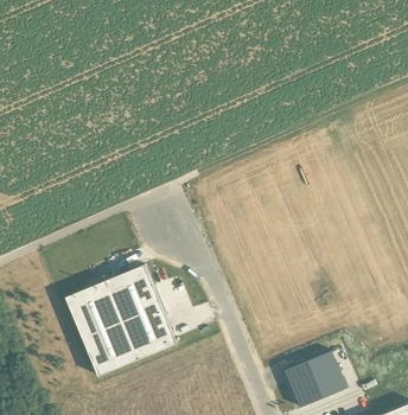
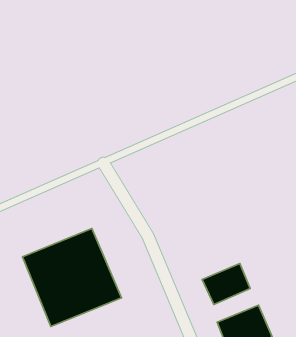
building: none -> [202,263,250,305]

